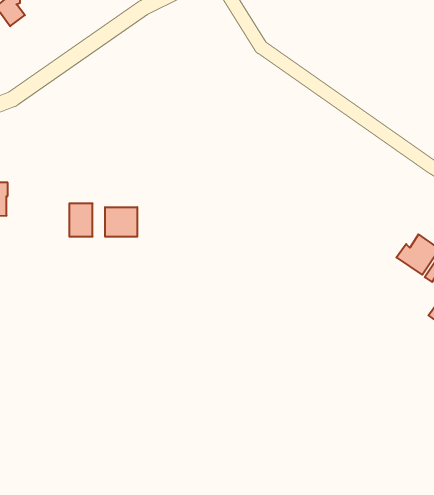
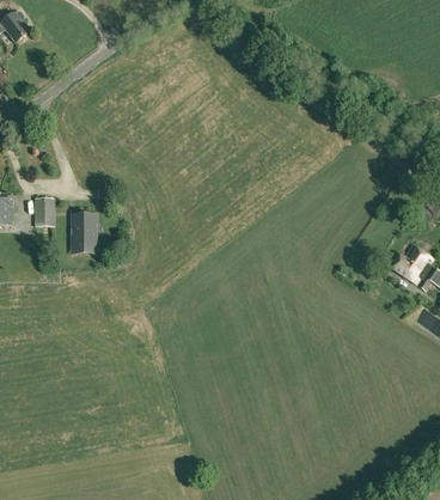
building: none -> [35,199,54,226]
building: [105,207,137,237] -> none

